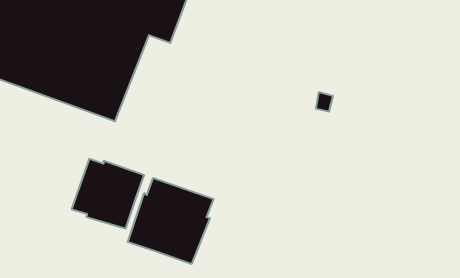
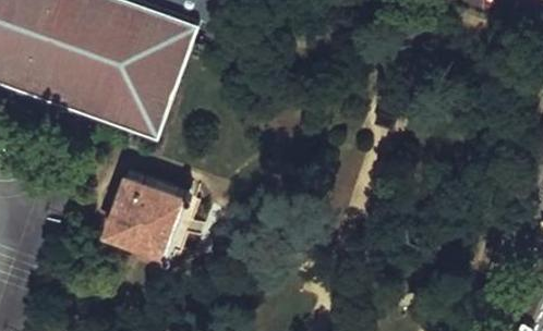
building: [128,178,213,264] -> none

